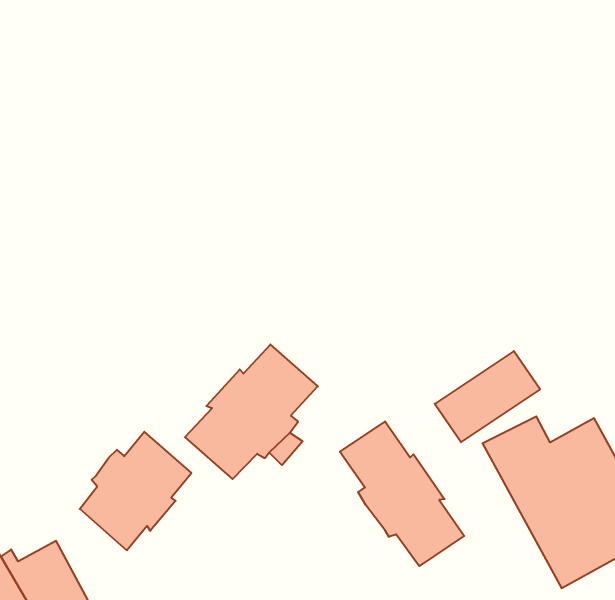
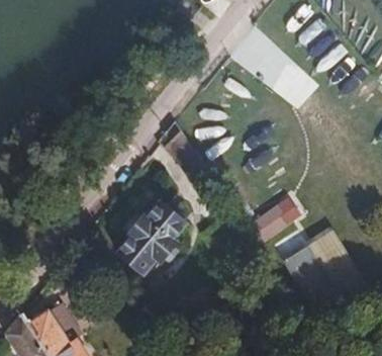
building: [340,421,464,566] -> none
building: [80,432,191,550] -> none

